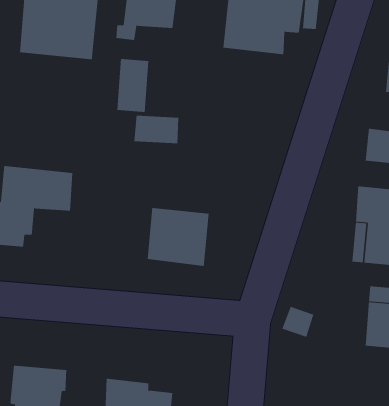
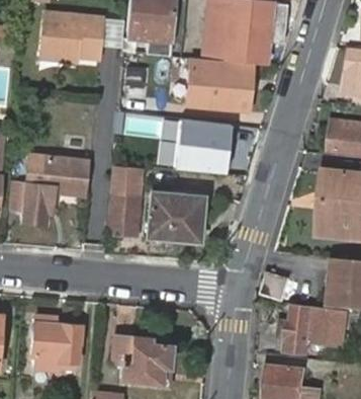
building: none -> [186,57,251,109]
building: none -> [179,116,236,171]
building: none -> [107,168,139,237]
building: none -> [285,307,346,353]

